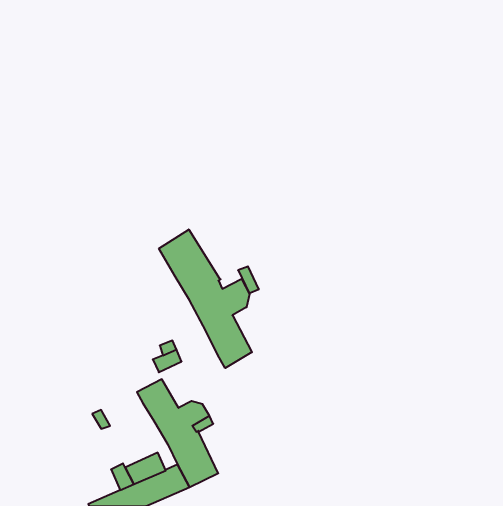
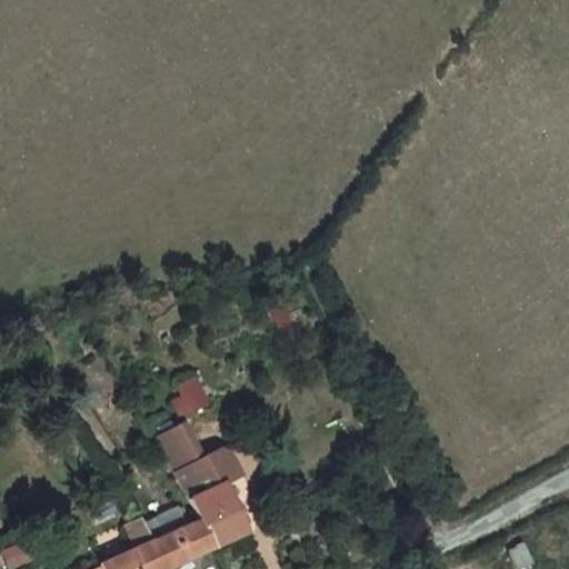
building: [159,229,252,368] -> none

